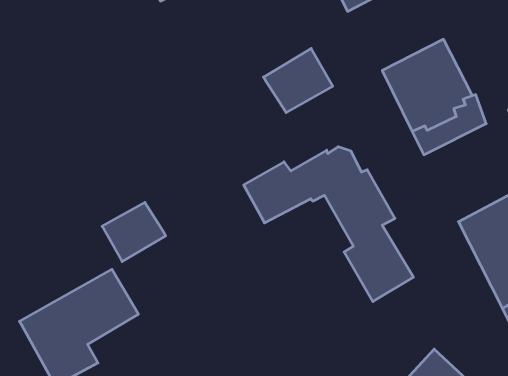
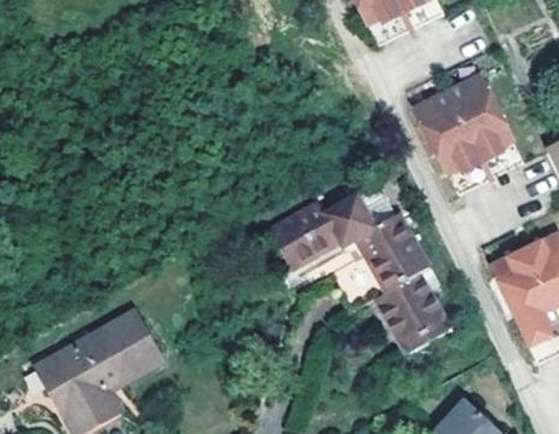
building: [263,48,333,113] -> none
building: [102,202,166,262] -> none

